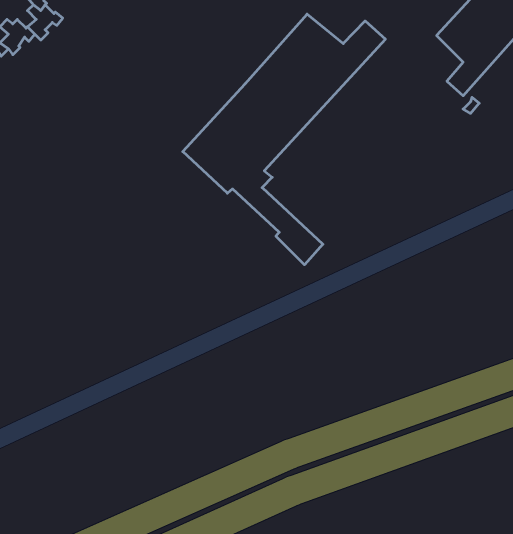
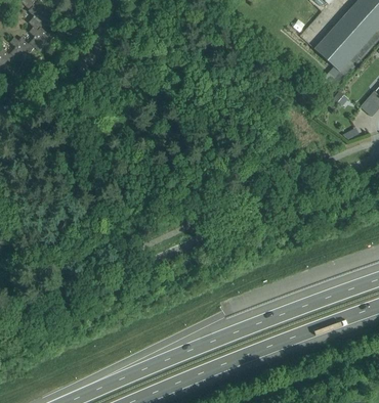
building: [183,14,385,265] -> none

